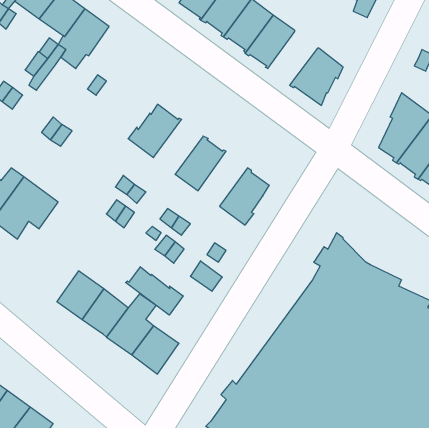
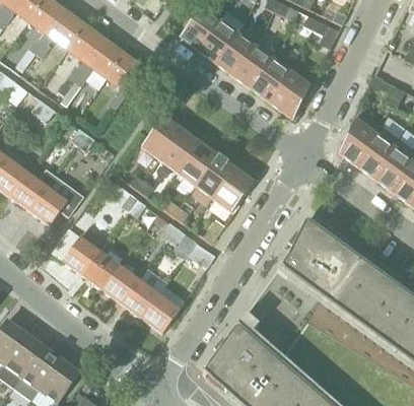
building: none -> [251,51,296,101]
building: none -> [108,55,143,91]
building: none -> [159,129,199,173]
building: none -> [195,154,234,198]
building: none -> [63,235,99,274]
building: [126,267,183,315] -> none

